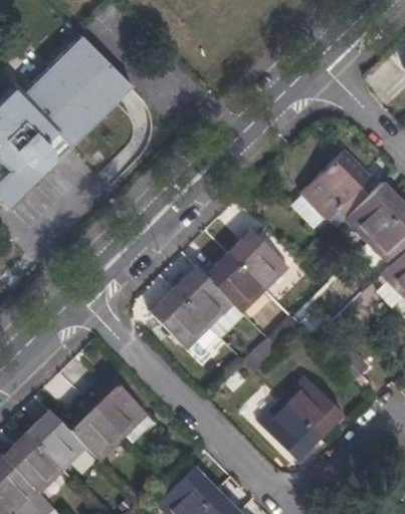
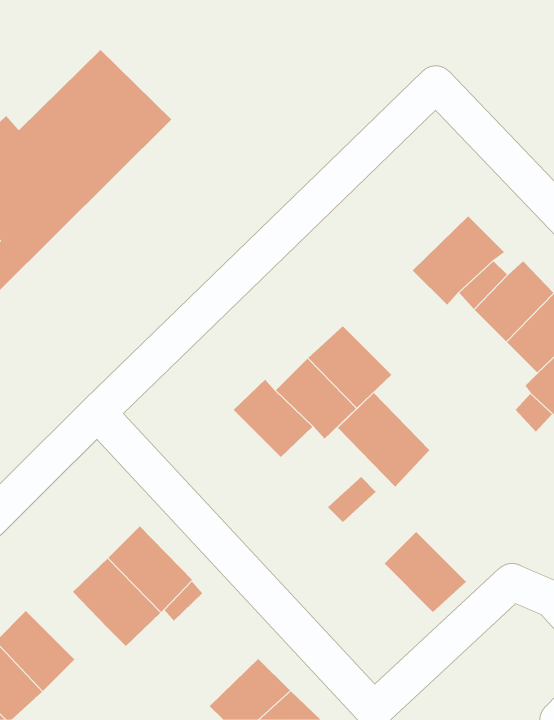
building: none -> [337,392,430,487]
building: [151,292,209,349] -> none
building: [258,402,318,460] -> none
building: [27,412,84,470] -> none

